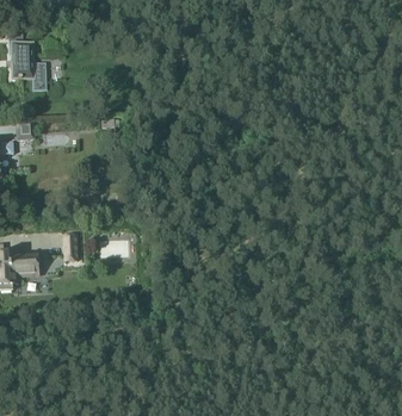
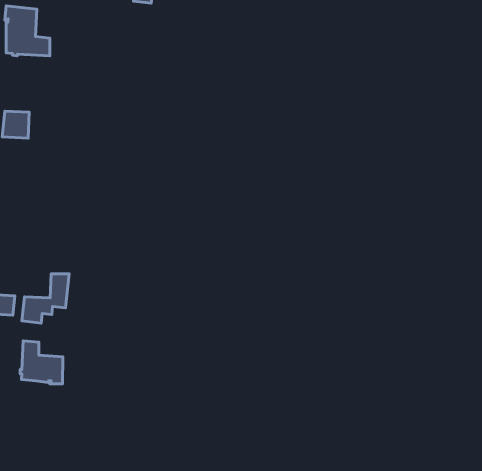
building: none -> [20,341,63,384]

